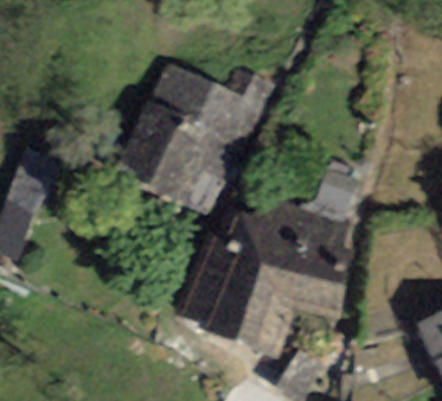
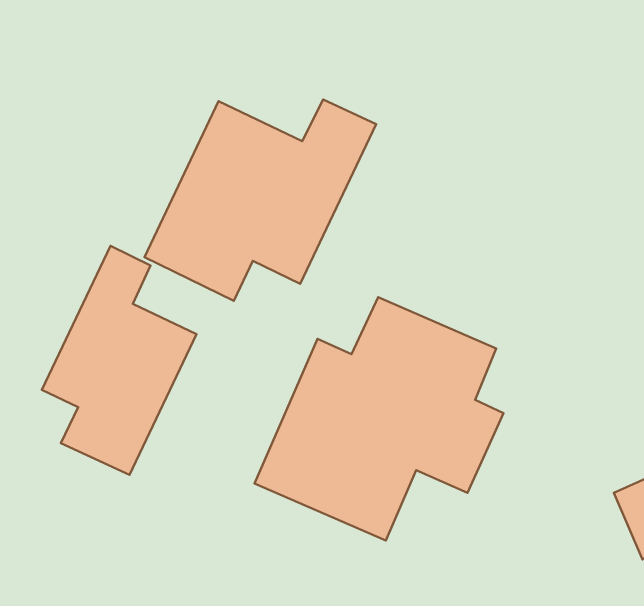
building: none -> [42,246,197,475]

